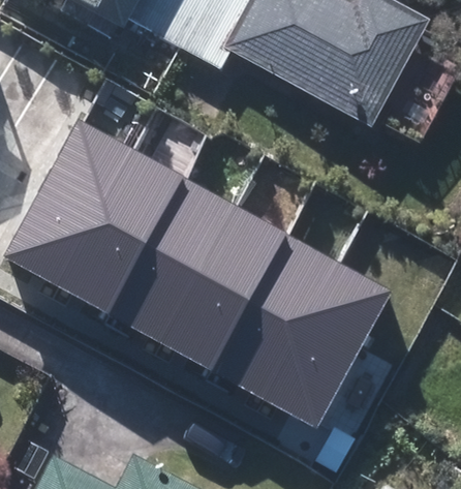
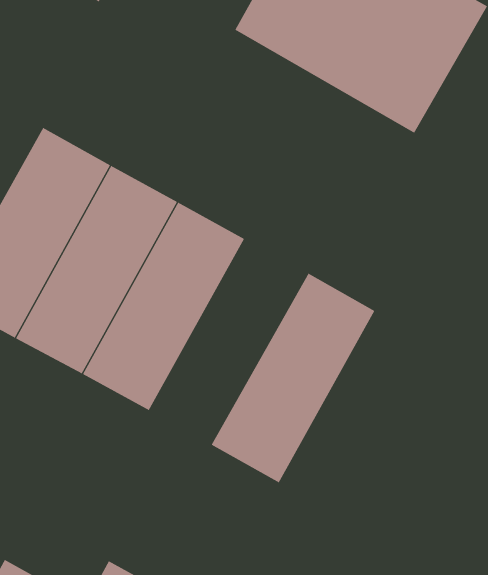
building: [162,208,287,370] -> none
building: [265,265,393,428] -> none

